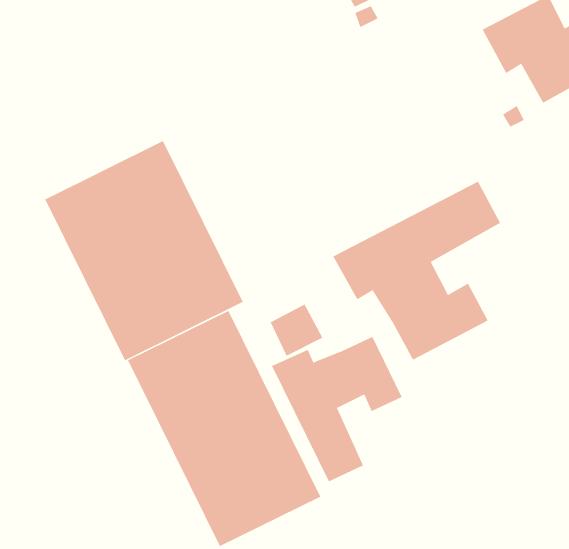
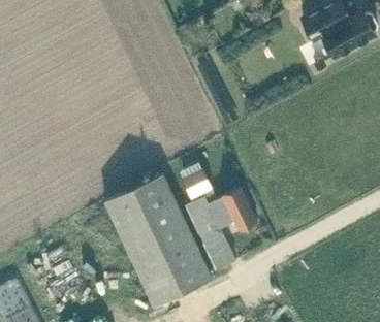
building: [45,140,243,361] -> none
building: [333,181,501,361] -> none

